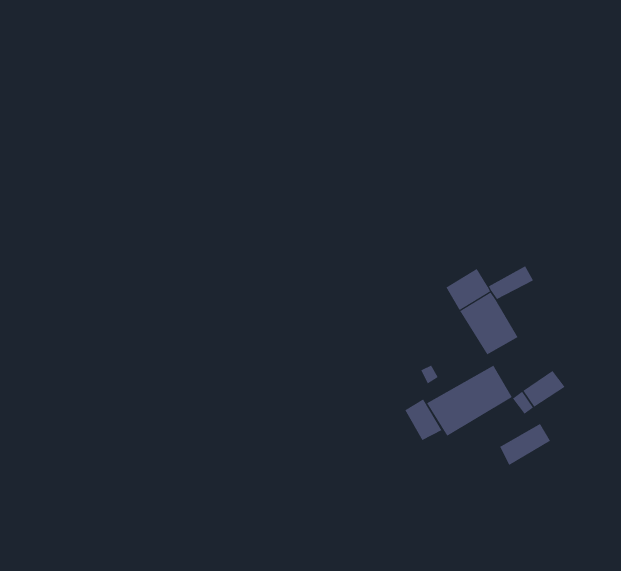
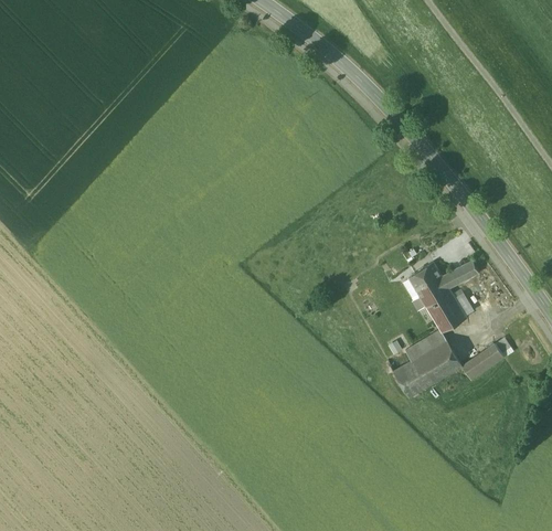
building: [404,399,442,441] -> none
building: [499,423,551,466] -> none

